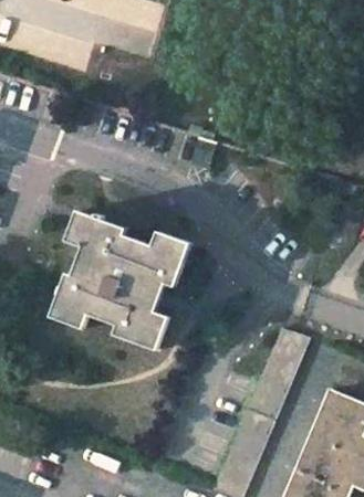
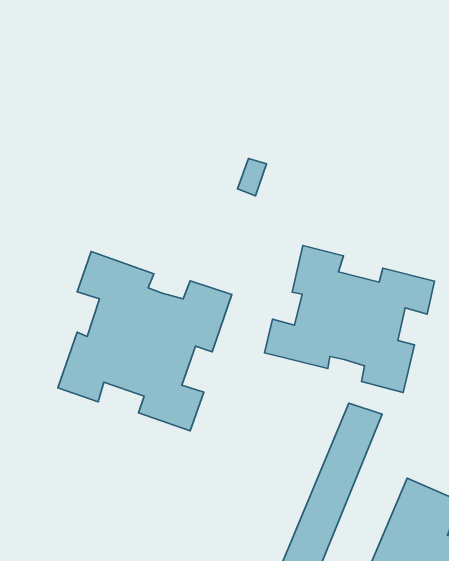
building: none -> [264,246,435,392]

